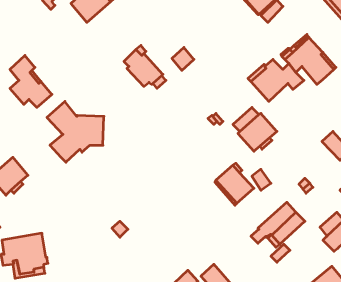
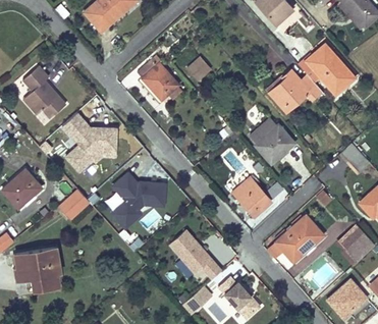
building: none -> [111,172,166,229]
building: none -> [58,190,90,219]
building: none -> [168,232,221,282]

